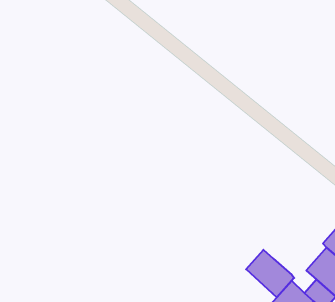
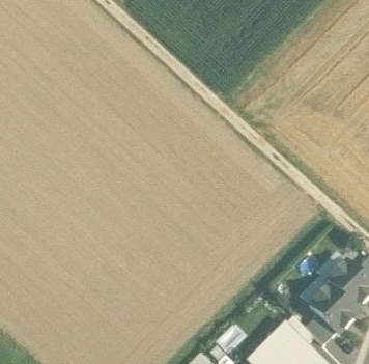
building: [246,250,294,297] -> none

